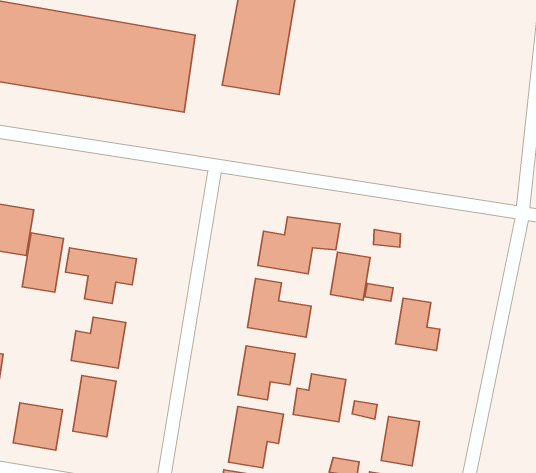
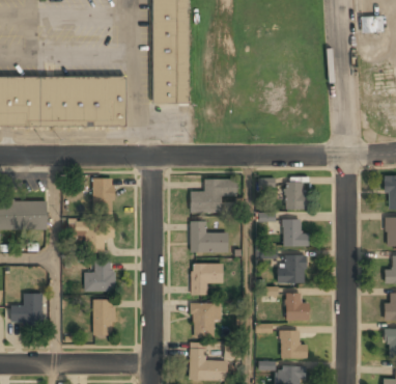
building: [22,233,64,292] -> [93,179,114,213]
building: [331,252,370,300] -> [285,183,306,210]
building: [293,374,346,422] -> [278,255,307,282]
building: [13,403,62,450] -> none

